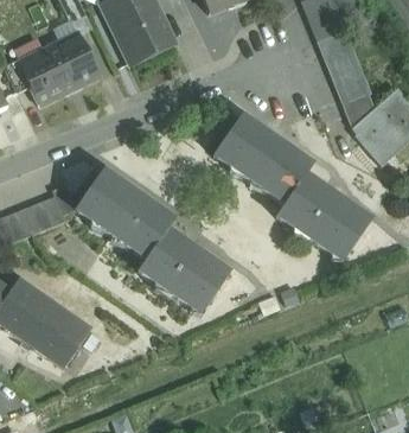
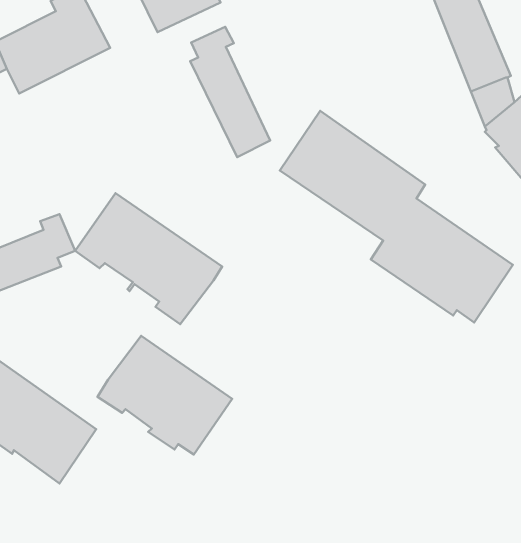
building: none -> [190,27,270,157]
building: [139,229,230,310] -> [98,336,232,455]

